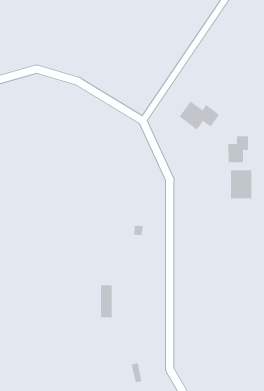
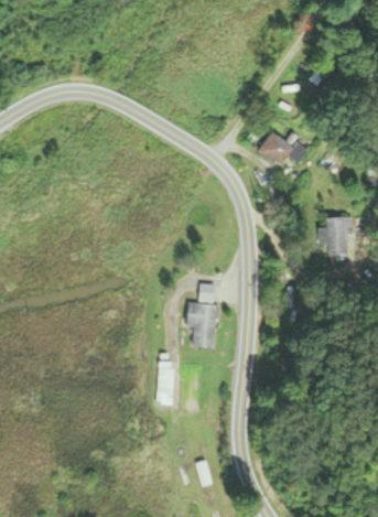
building: [228,136,249,163] -> none
building: none -> [187,302,217,347]

